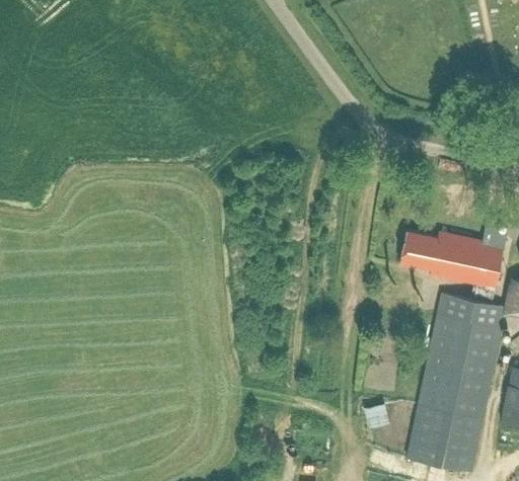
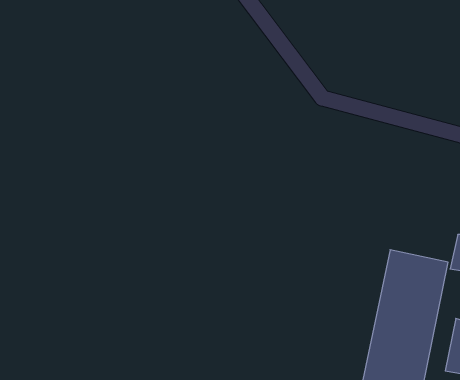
building: [398,230,506,302] -> none

